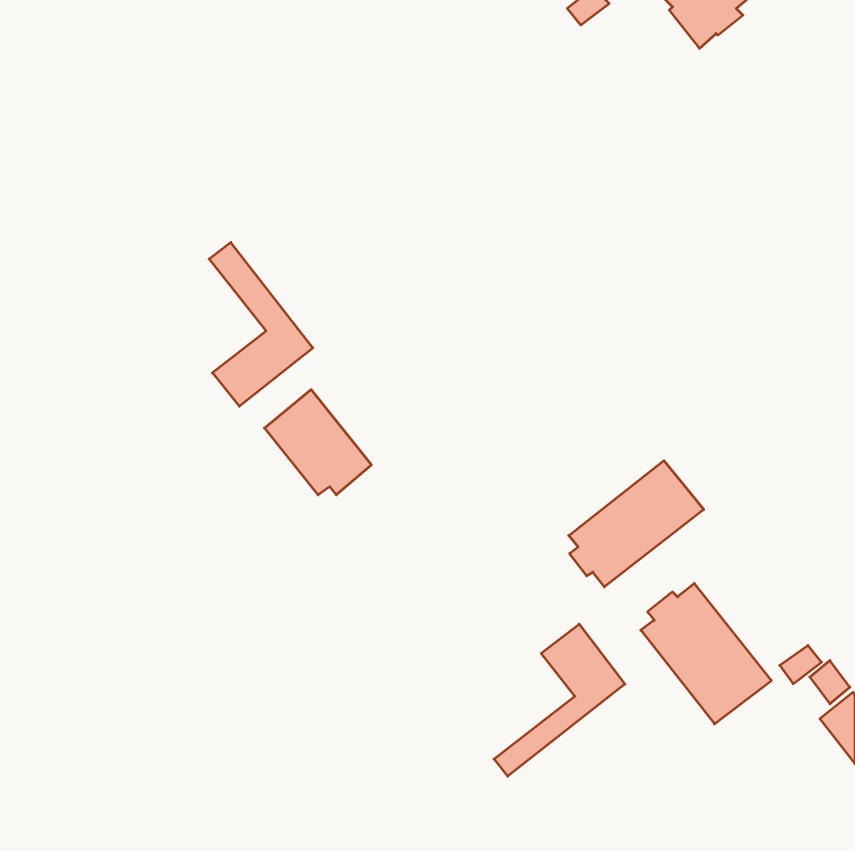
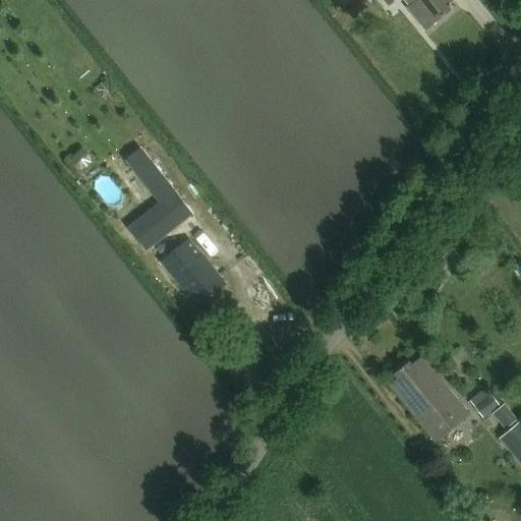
building: [569,461,704,587] -> none
building: [494,624,625,776] -> none

